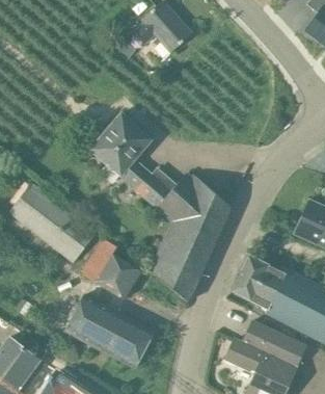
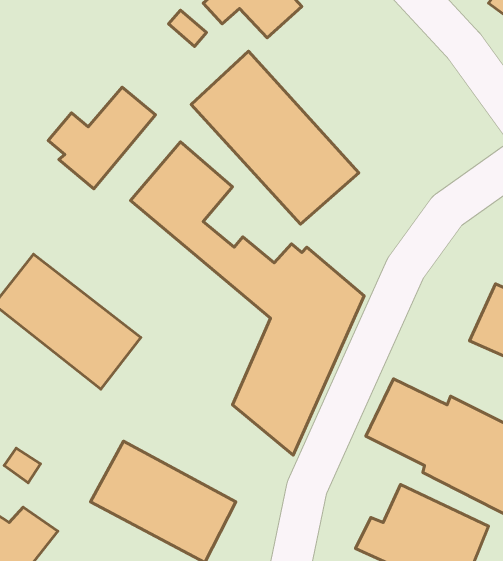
building: none -> [191,51,359,224]
building: none -> [48,87,156,189]
building: [80,237,145,298] -> none

